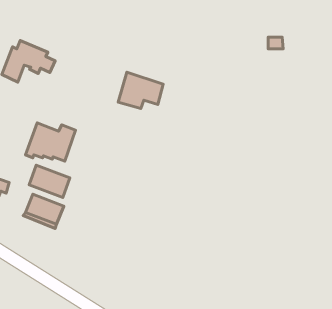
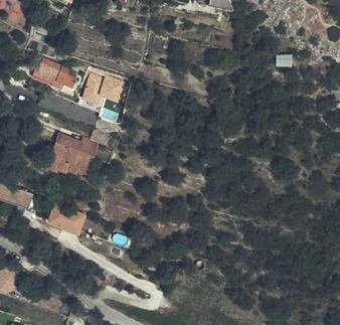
building: [118,72,163,109] -> [81,71,124,106]
building: [29,165,70,197] -> none

